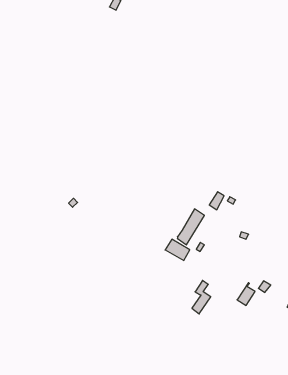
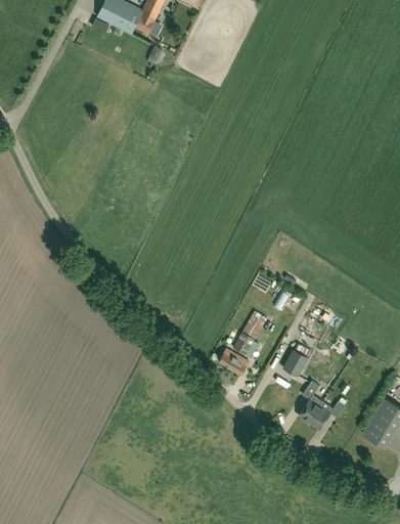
building: none -> [284,343,310,375]
building: [192,280,211,314] -> [299,381,322,423]

